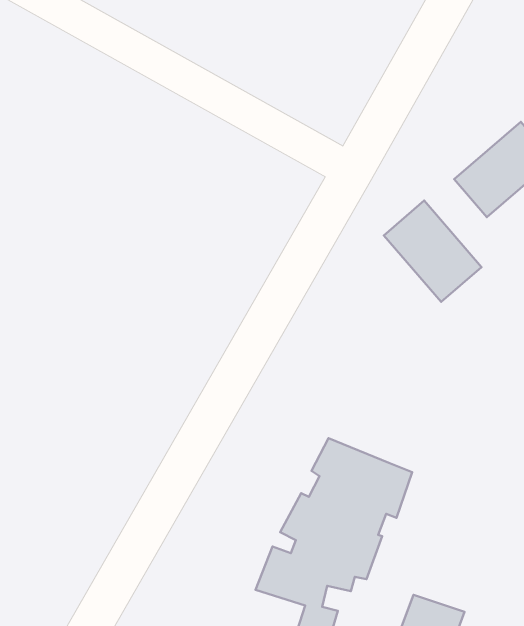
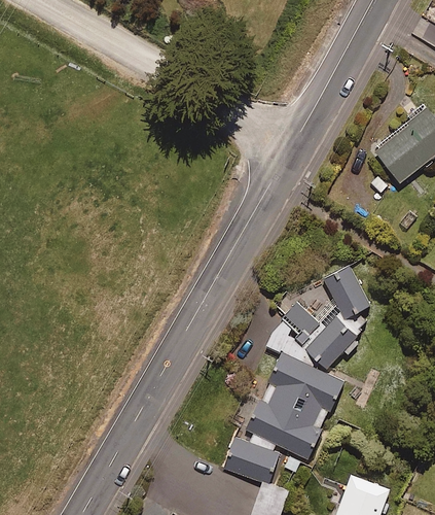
building: [384,201,481,302] -> none
building: none -> [264,265,370,375]

